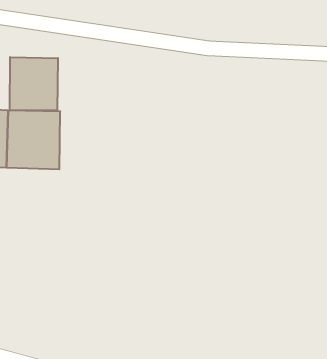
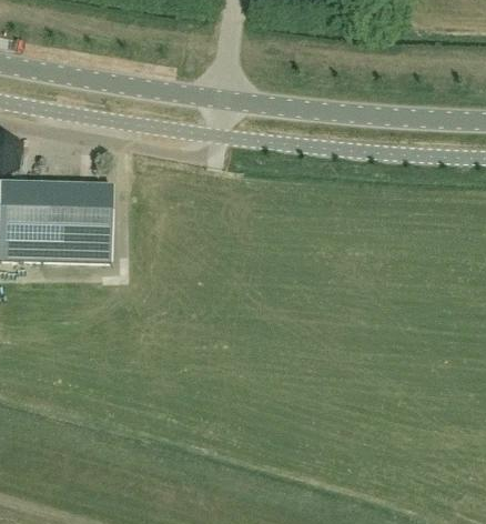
building: [10,57,58,111] -> none

